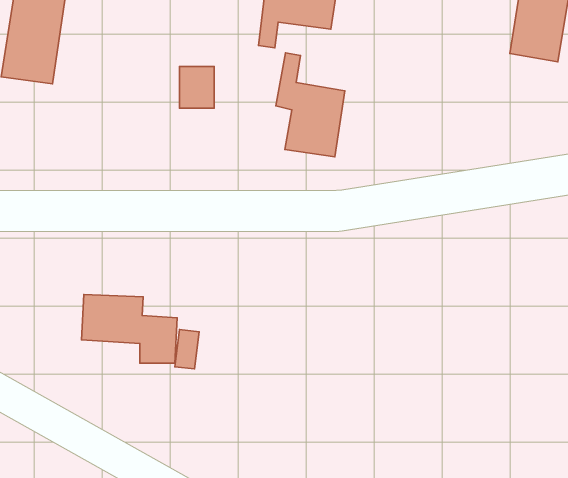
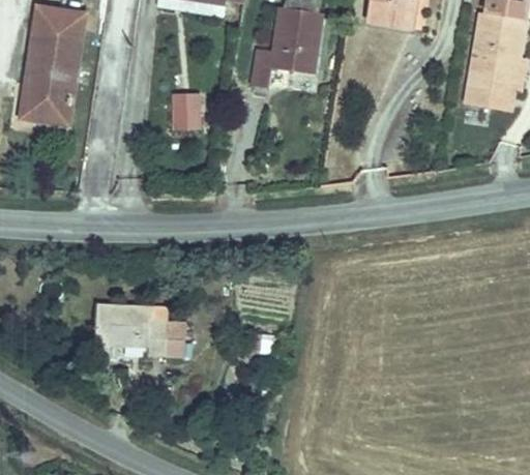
building: [276,53,345,157] -> none

